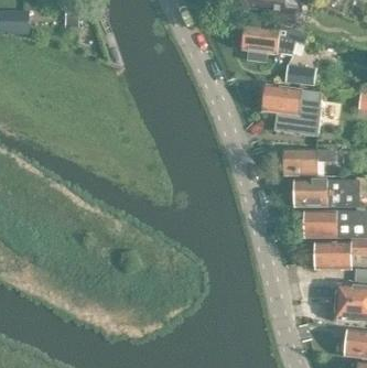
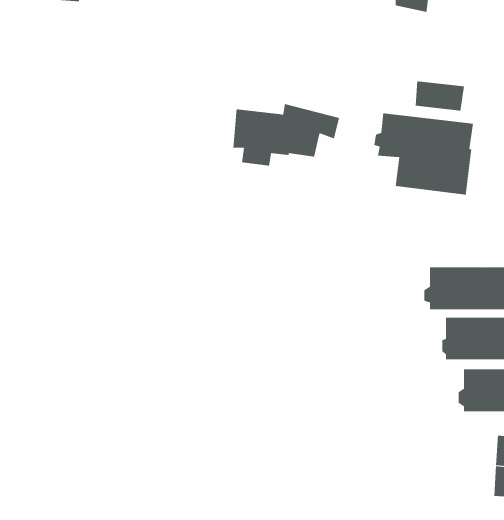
building: [242,21,309,59] -> [232,103,340,166]
building: [281,149,335,175] -> none

